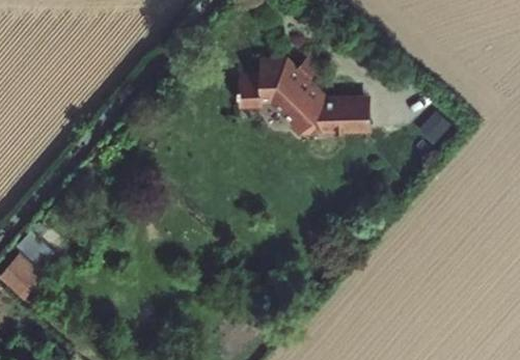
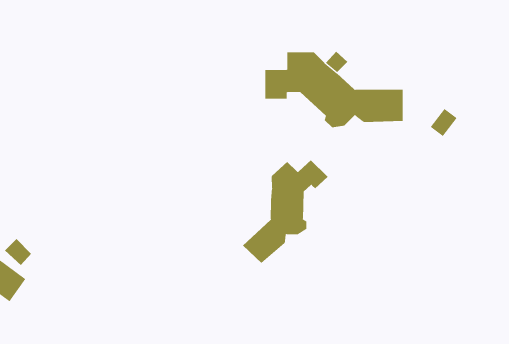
building: none -> [242,160,329,264]

